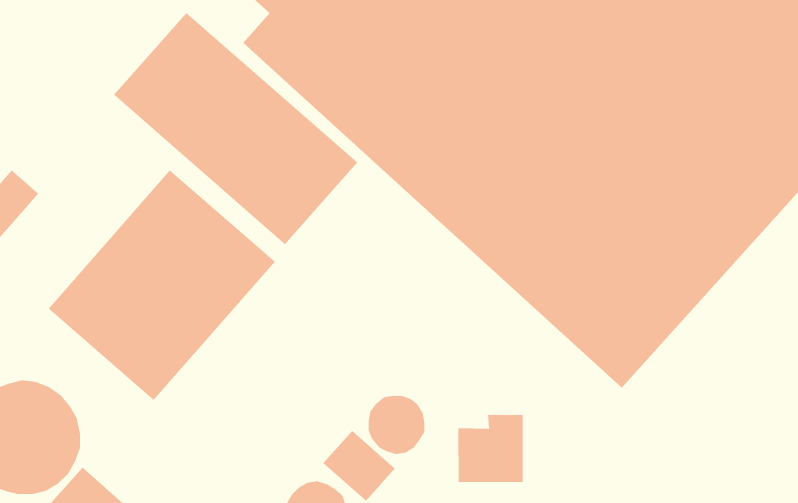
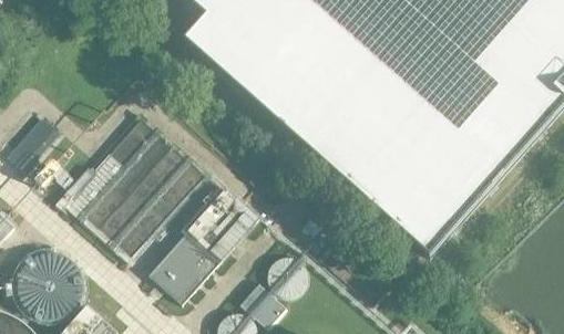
building: [113,12,358,245] -> none
building: none -> [147,188,256,302]
building: [458,414,523,483] -> none

